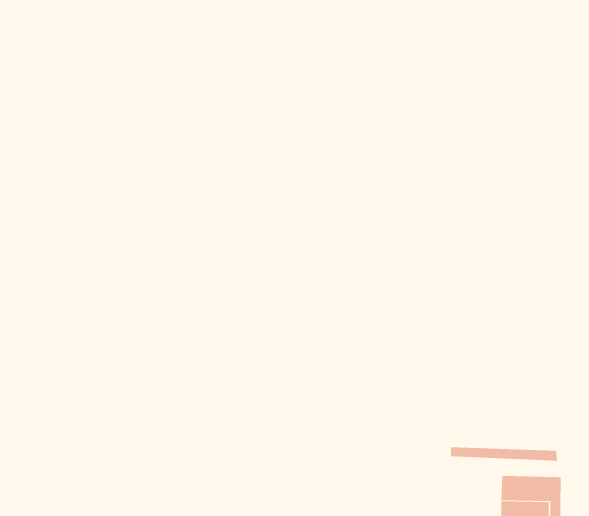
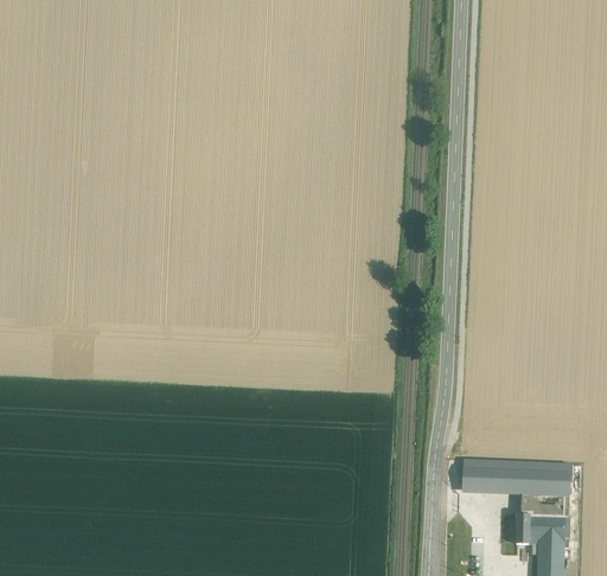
building: none -> [464,469,570,489]

